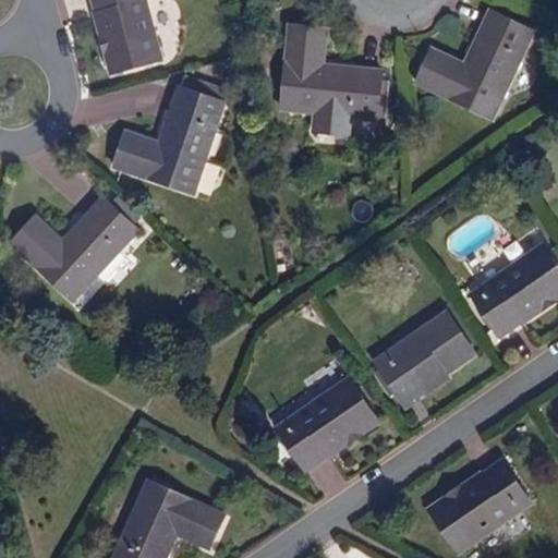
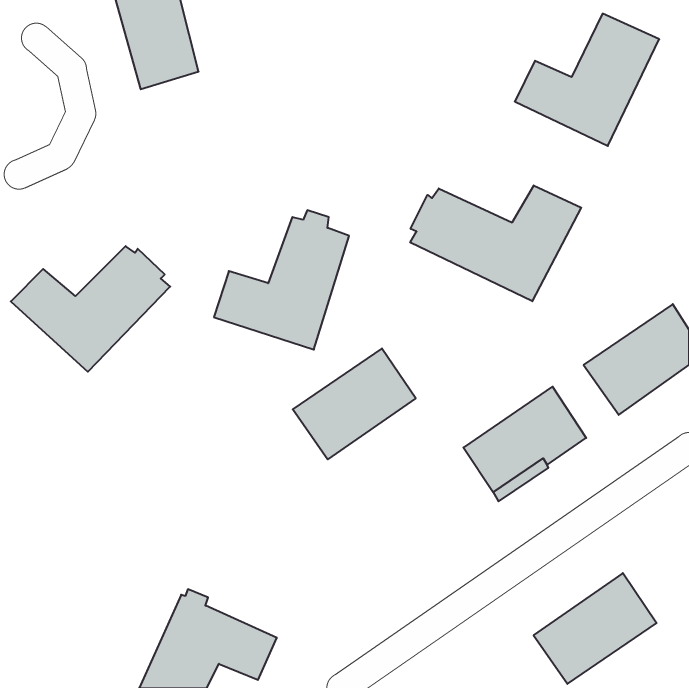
building: [280,25,385,135] -> none
building: [114,83,223,195] -> [214,210,349,350]
building: none -> [410,185,581,301]
building: [277,379,376,469] -> [293,348,416,459]

